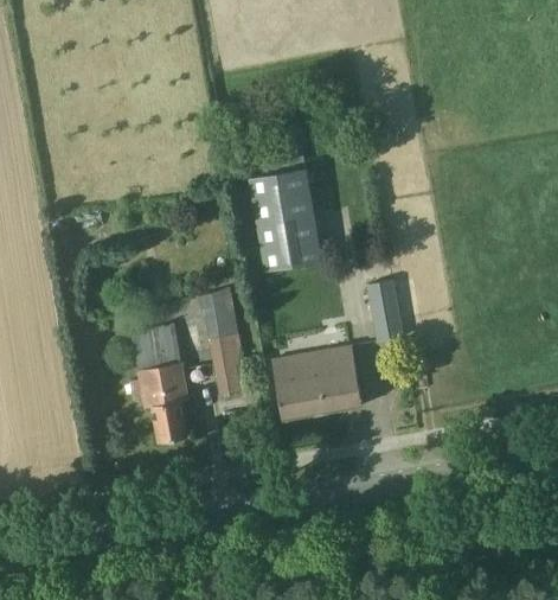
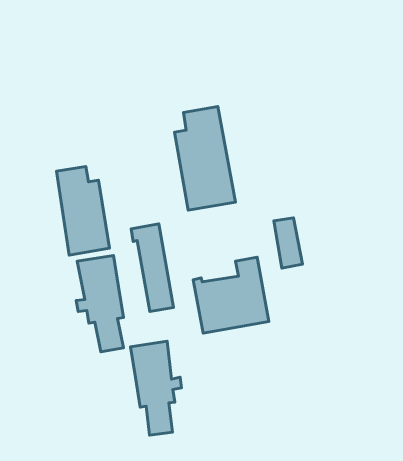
building: none -> [57,166,109,255]
building: none -> [131,341,182,435]

